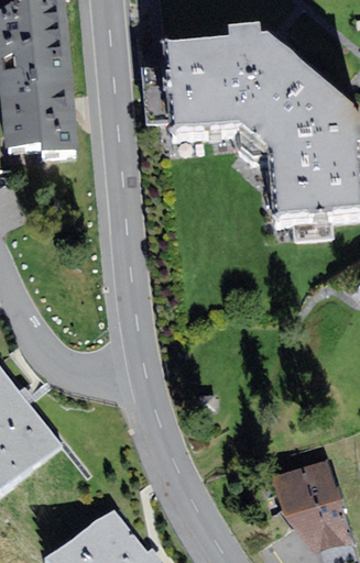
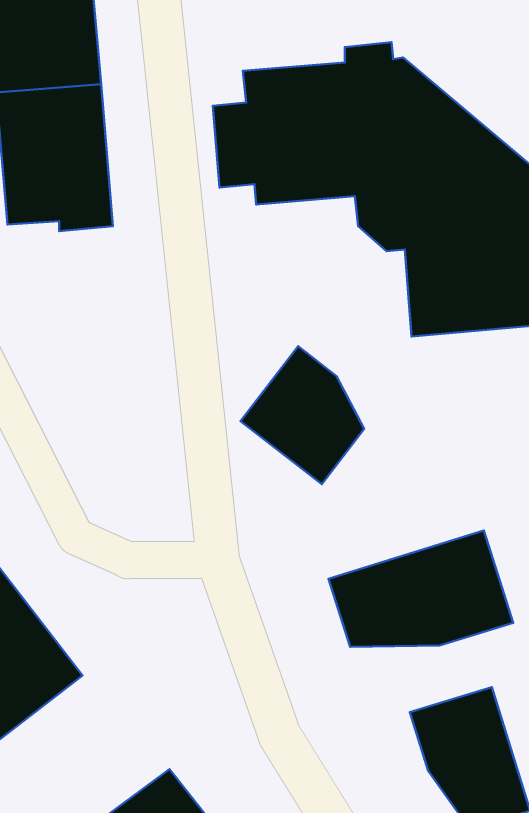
building: none -> [240,346,364,484]
building: none -> [329,531,513,647]

